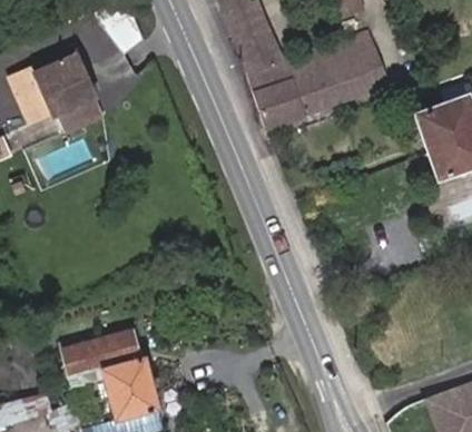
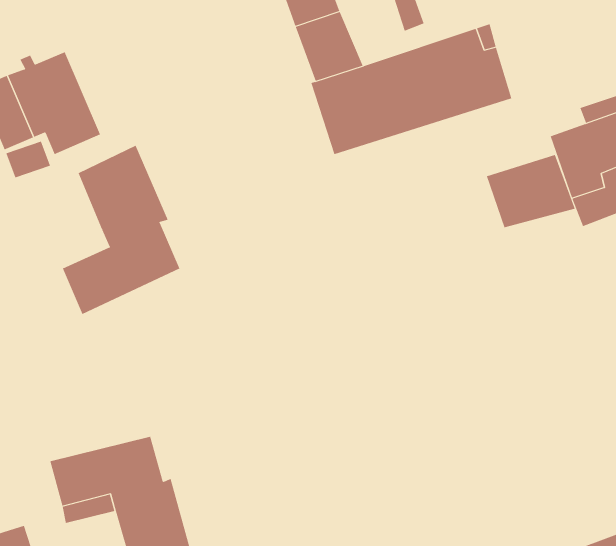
building: none -> [62,145,180,315]
building: none -> [486,154,575,228]

